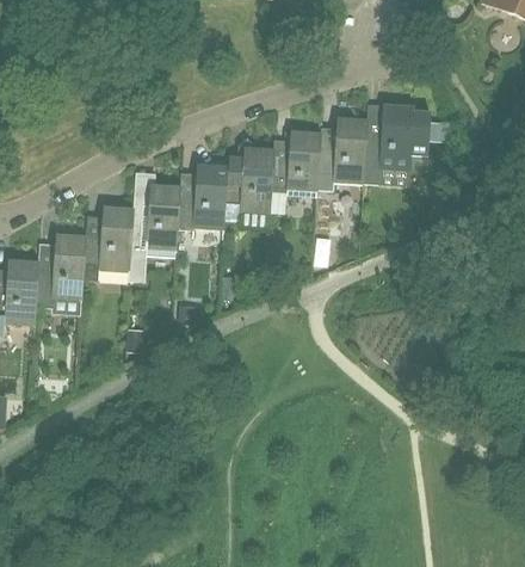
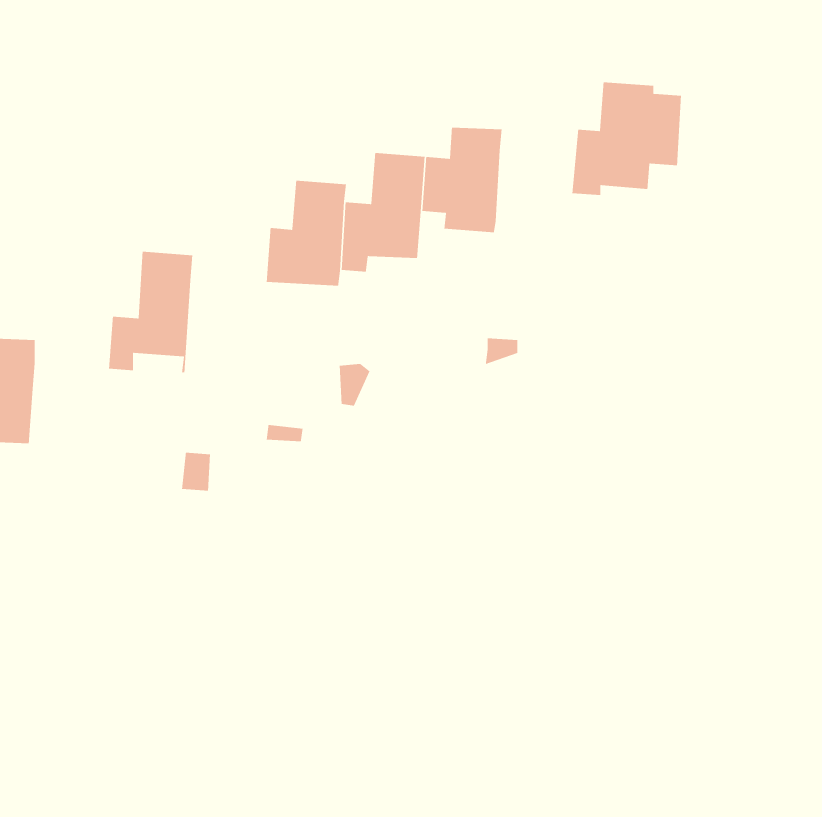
building: [317,118,367,190] -> none
building: [129,185,180,282] -> none
building: [37,234,86,300] -> none

